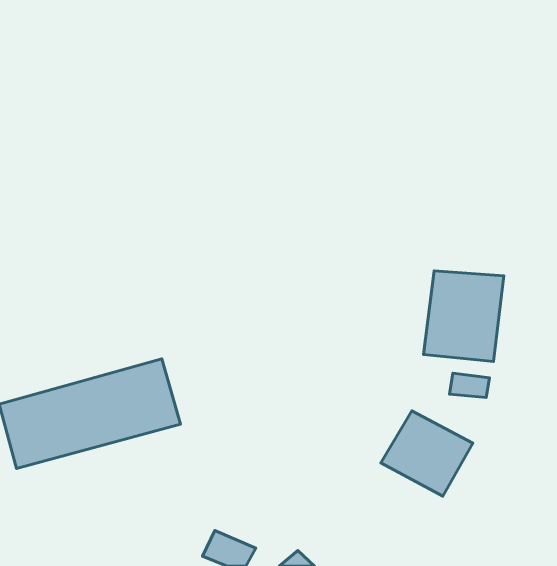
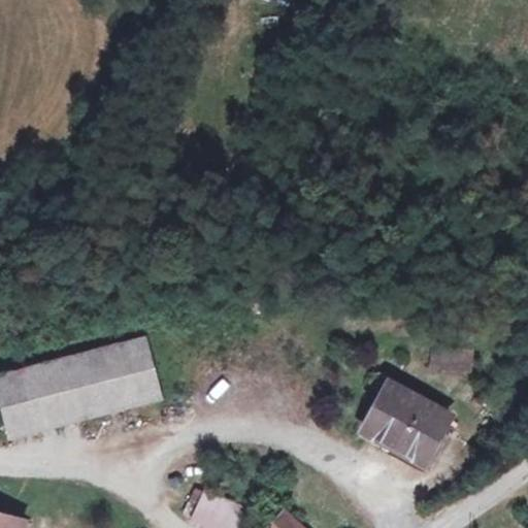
building: [423,271,504,361] -> none

